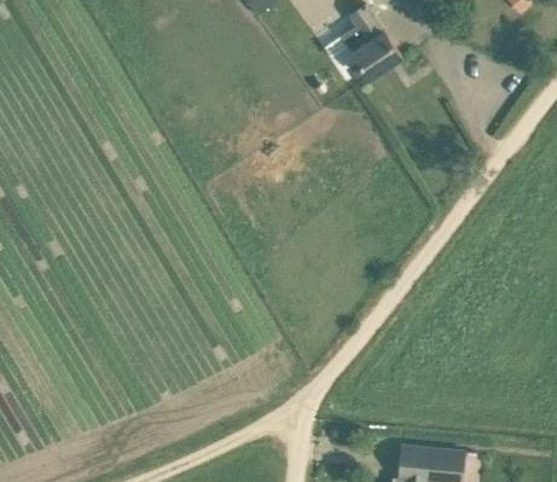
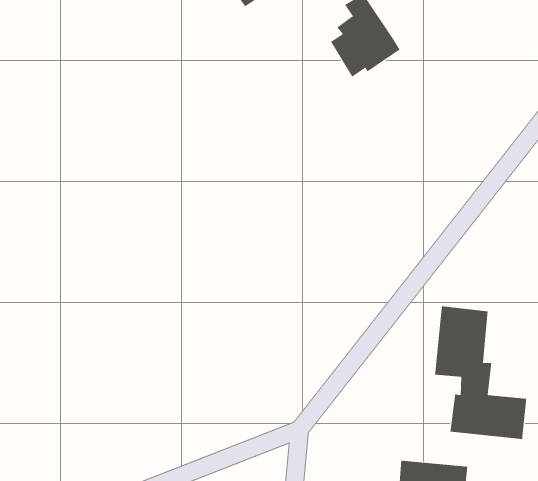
building: none -> [435,306,527,440]

